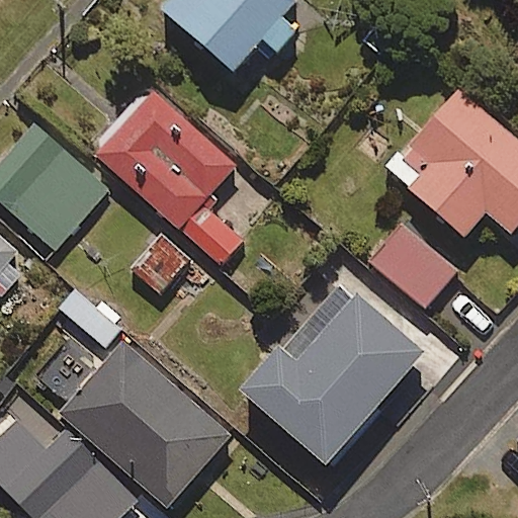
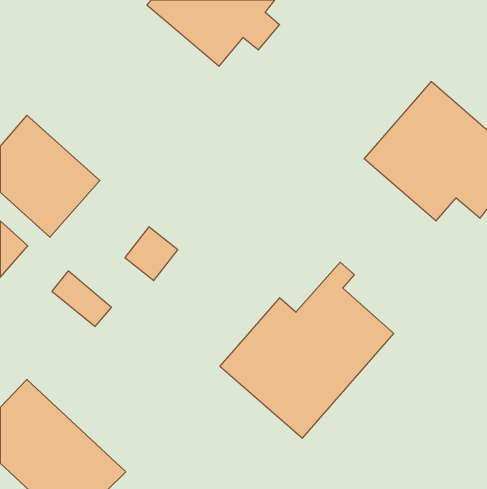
building: [93,87,244,268] -> none
building: [370,224,458,309] -> none
building: [60,340,231,508] -> none

